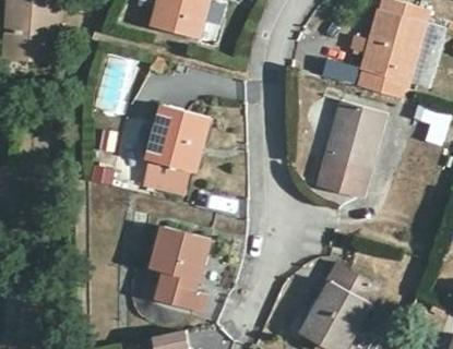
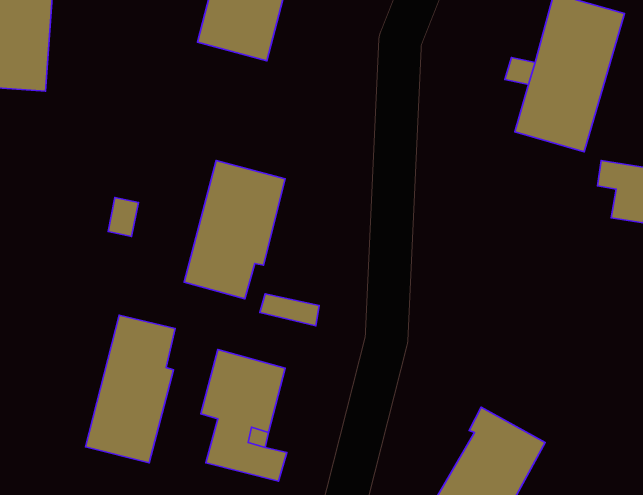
building: [314,100,384,197] -> none
building: none -> [85,315,175,463]

